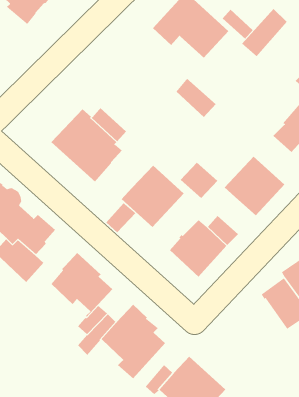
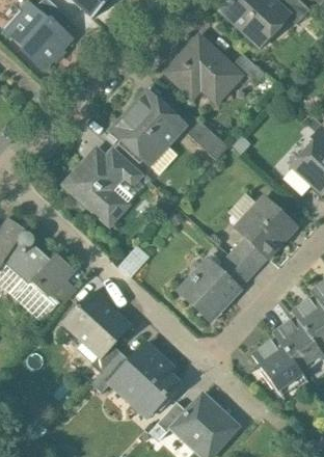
building: [241,8,288,57] -> none
building: none -> [111,90,185,164]
building: [180,162,218,199] -> [230,238,267,274]
building: [121,165,185,228] -> none
building: none -> [252,338,302,389]

